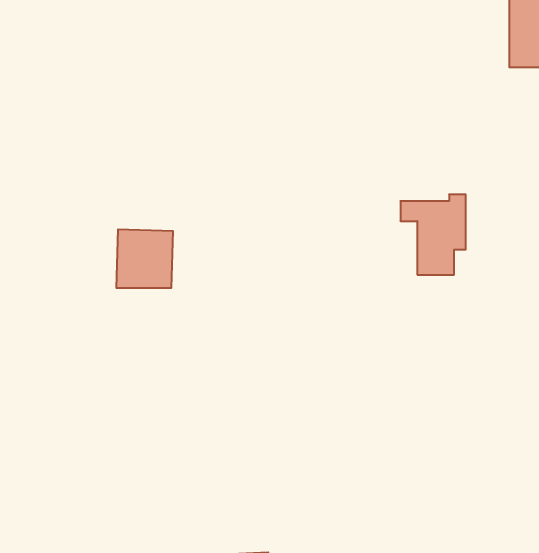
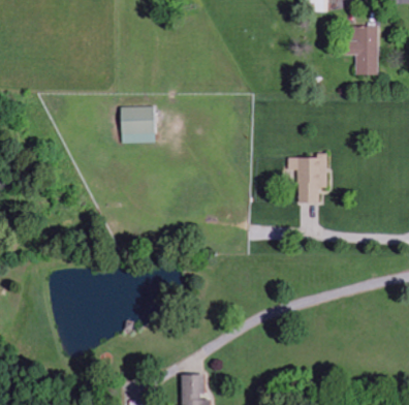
building: [116,229,173,288] -> [121,106,156,143]

